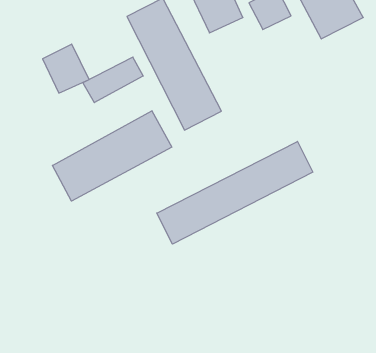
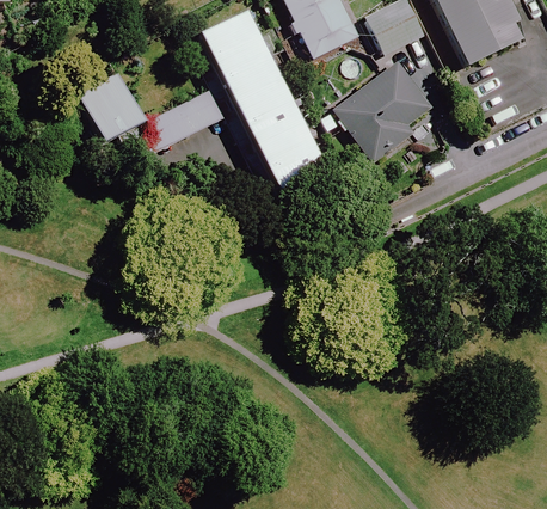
building: none -> [333,61,431,162]
building: [52,111,172,201] -> none
building: [157,141,313,244] -> none

